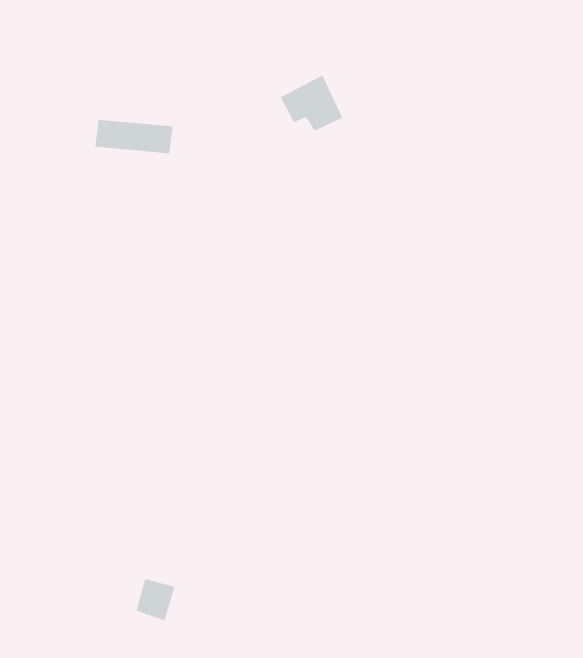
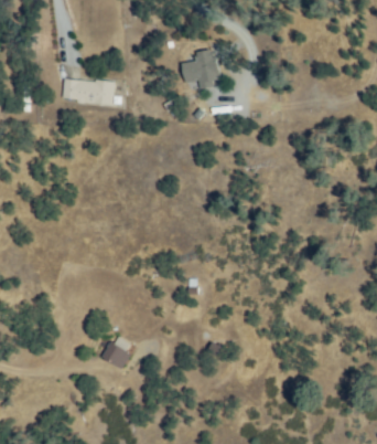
building: [136,578,175,621] -> [104,339,129,367]

